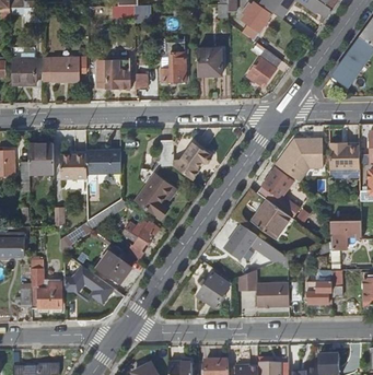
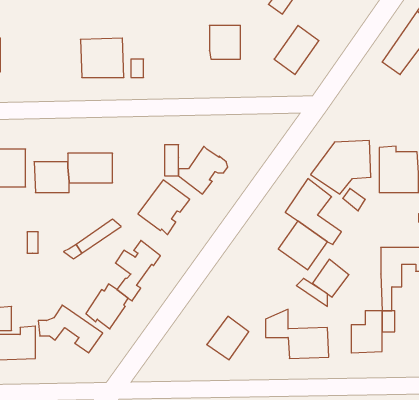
building: [162,52,185,81] -> none
building: [42,57,85,80] -> none
building: [223,230,252,259] -> [312,259,349,297]

